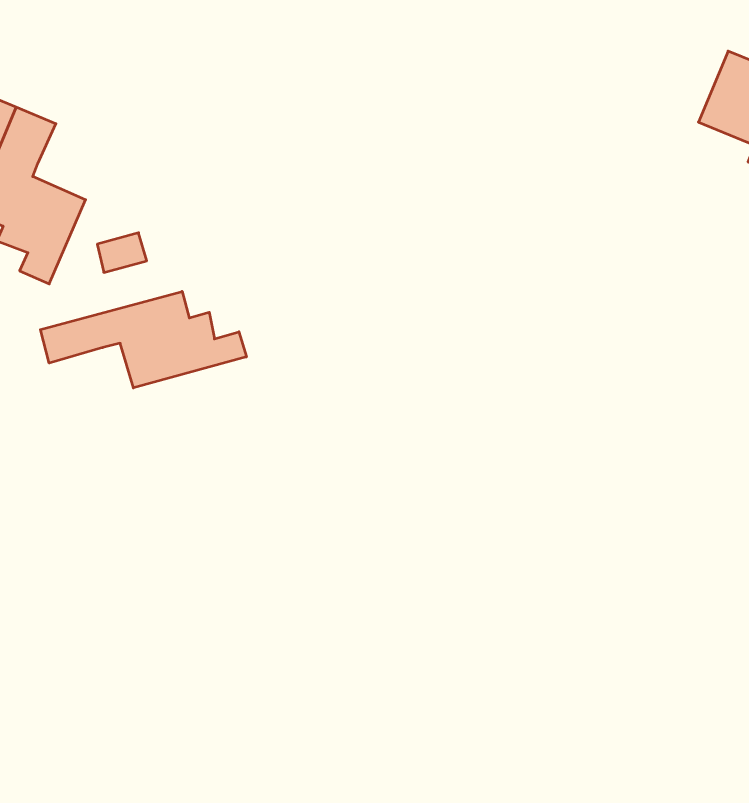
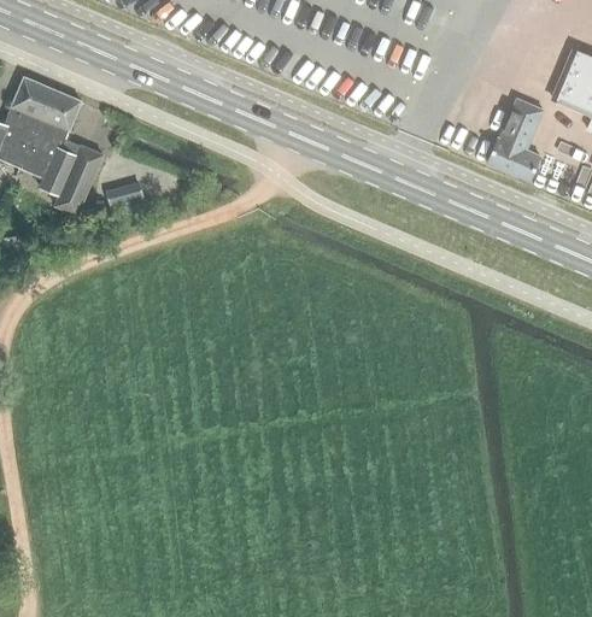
building: none -> [486,98,543,180]
building: [40,291,246,388] -> none

